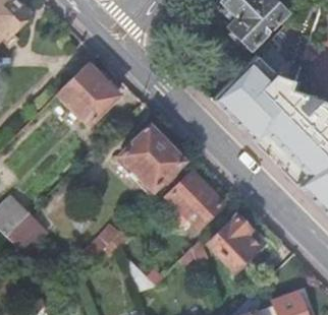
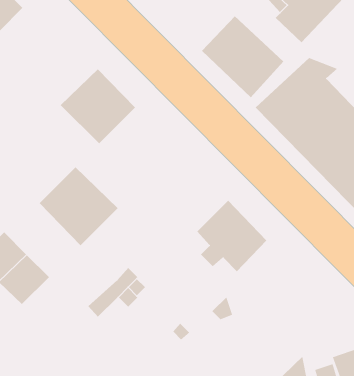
building: none -> [201,16,284,98]
building: [120,127,184,191] -> [39,166,119,246]
building: [210,216,265,271] -> none

